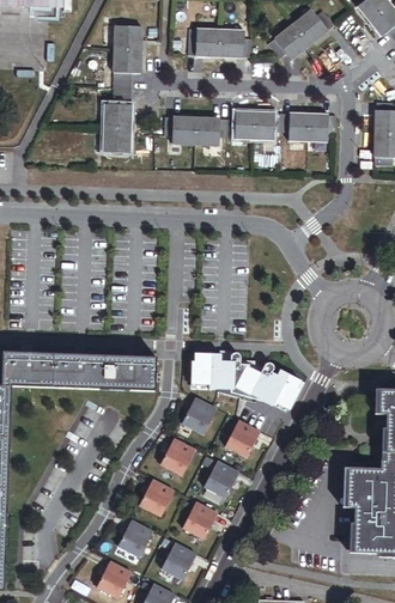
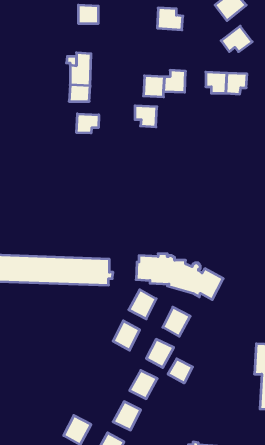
building: [268,25,309,59] -> [221,26,252,52]
building: [187,28,219,55] -> none
building: [104,49,141,89] -> none
building: [254,111,281,139] -> none
building: [172,116,201,144] -> [135,106,157,127]
building: none -> [77,114,99,133]
building: [139,479,174,516] -> none
building: none -> [168,359,193,383]
building: [117,519,152,556] -> none

